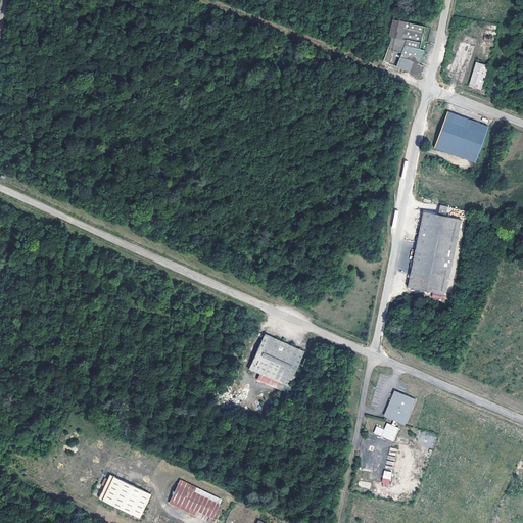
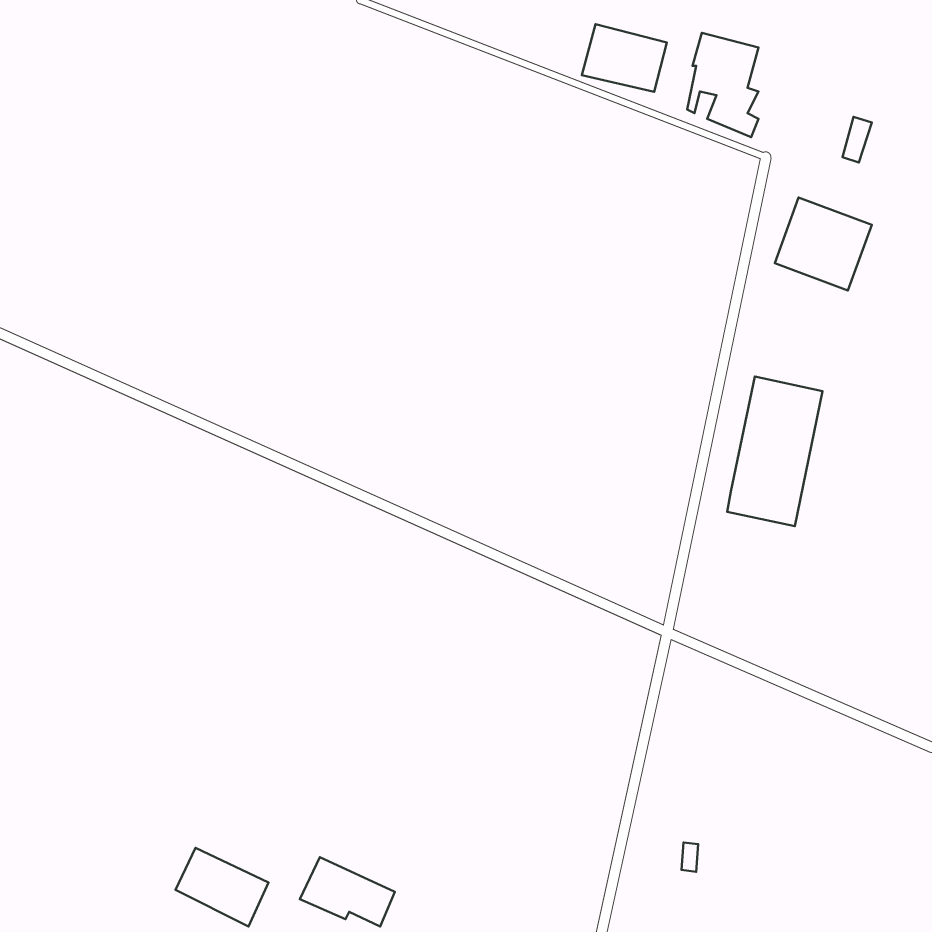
building: none -> [582,24,667,92]
building: [248,334,303,387] -> none
building: [372,395,415,442] -> none

